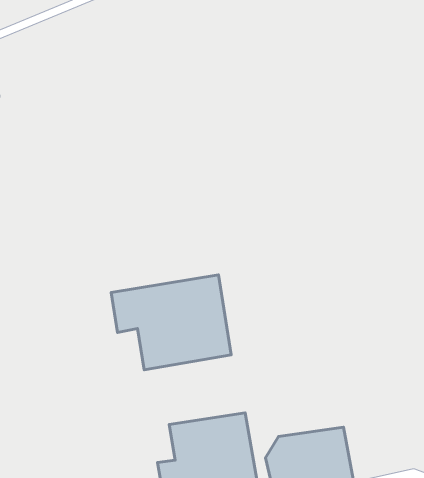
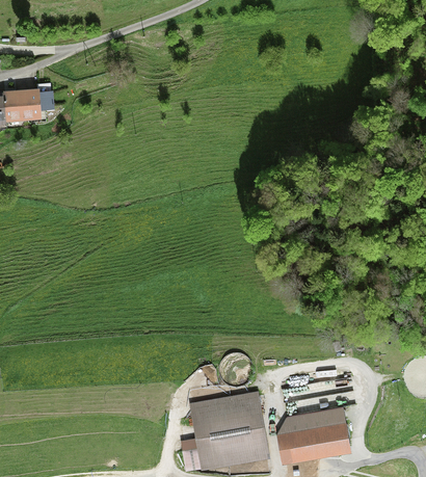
building: [111,275,231,370] -> none

